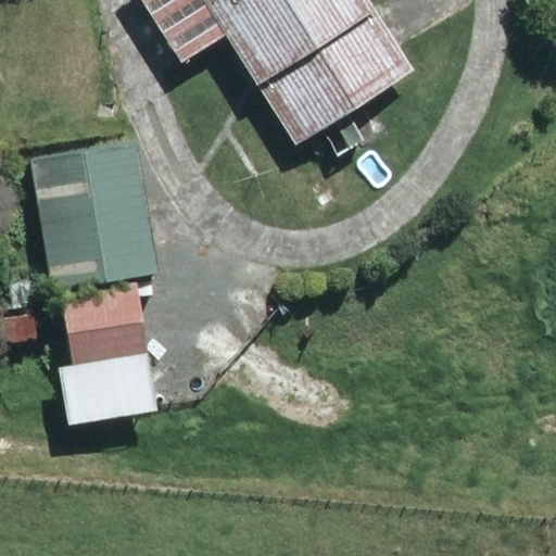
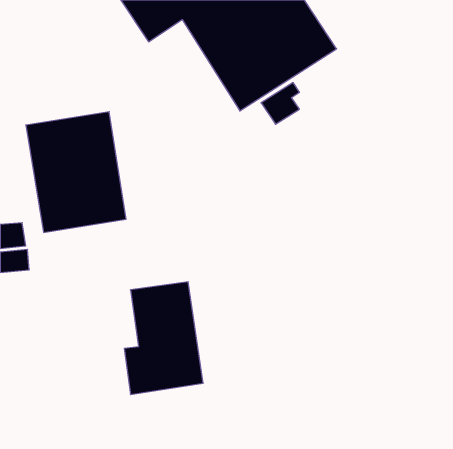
building: [56,281,153,419] -> [124,282,203,395]

